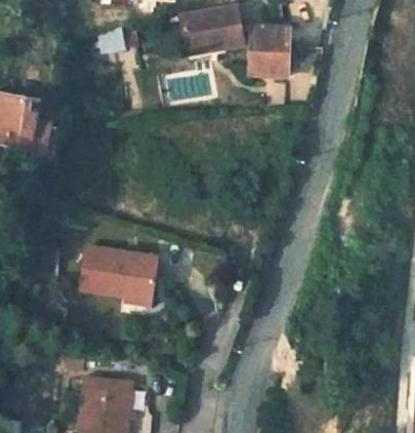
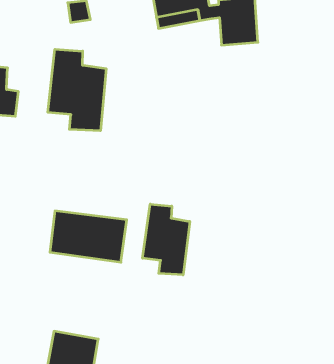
building: none -> [48,49,106,131]
building: none -> [143,204,190,275]

